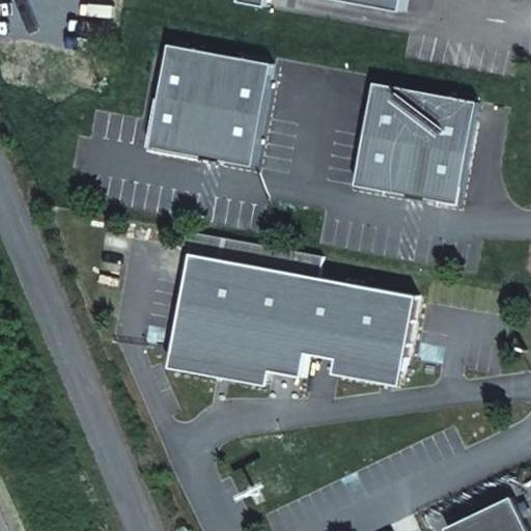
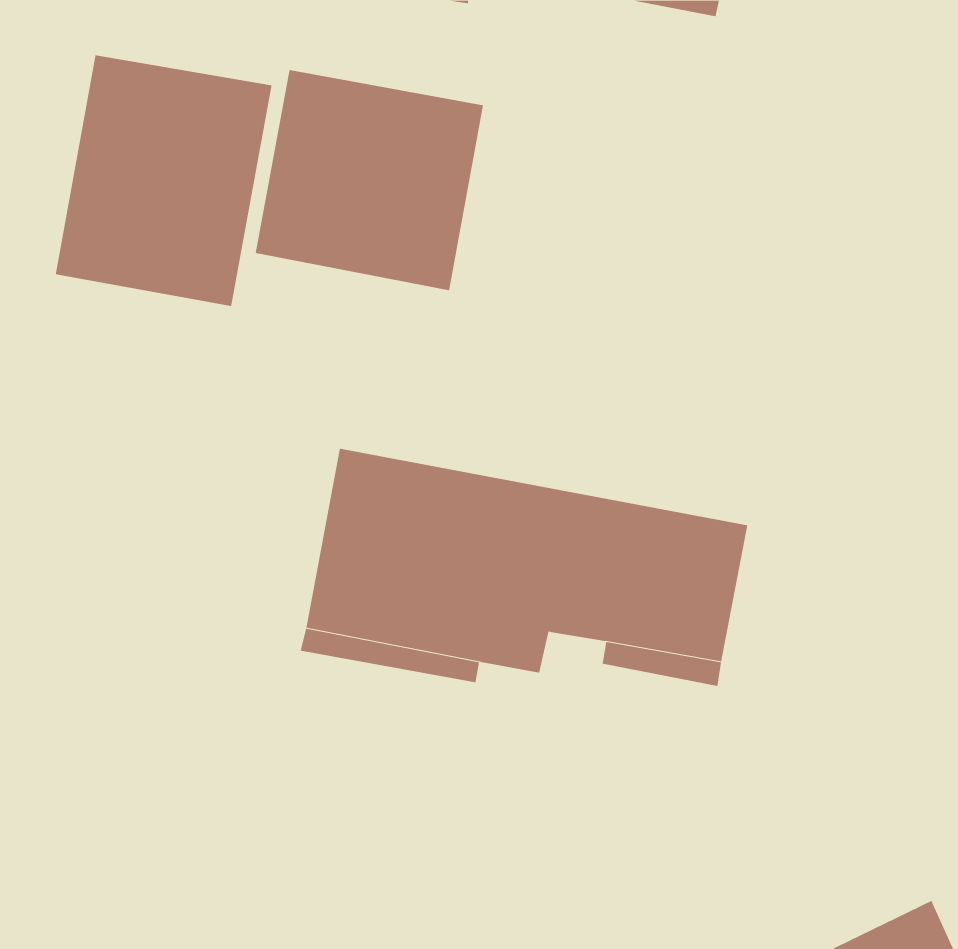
building: none -> [55,55,272,307]
building: [354,84,475,205] -> none

